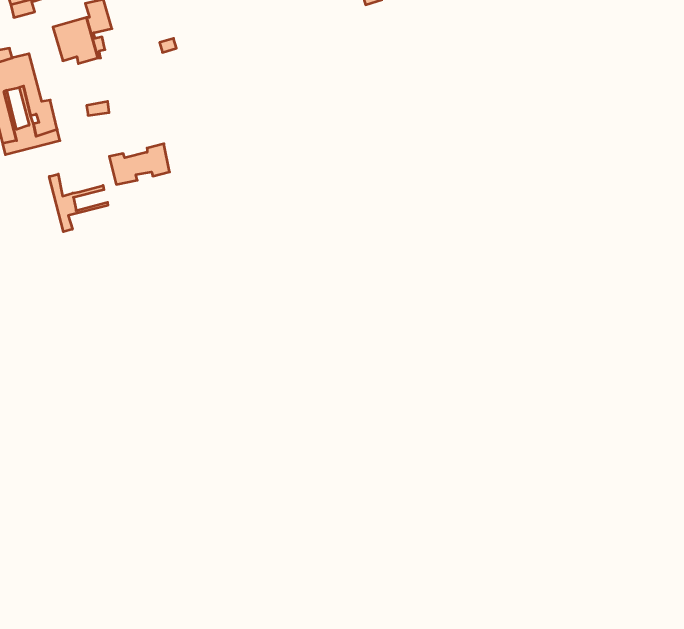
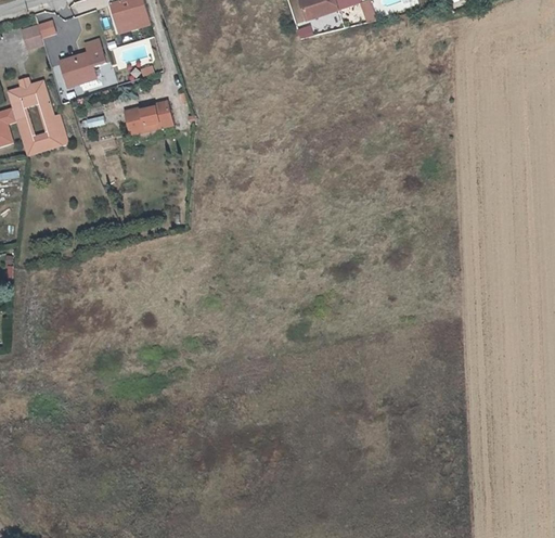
building: [109,144,170,184] -> [125,103,171,134]
building: [49,174,108,232] -> none

